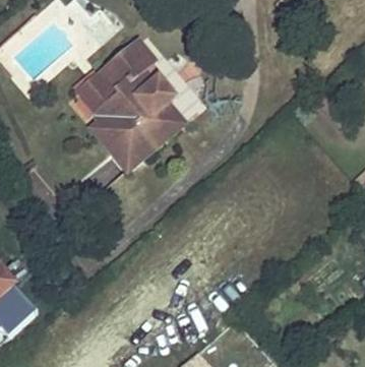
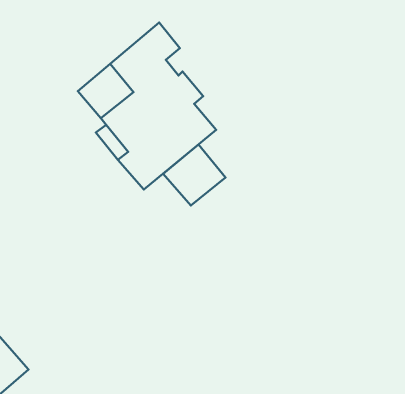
building: none -> [163,144,226,206]

